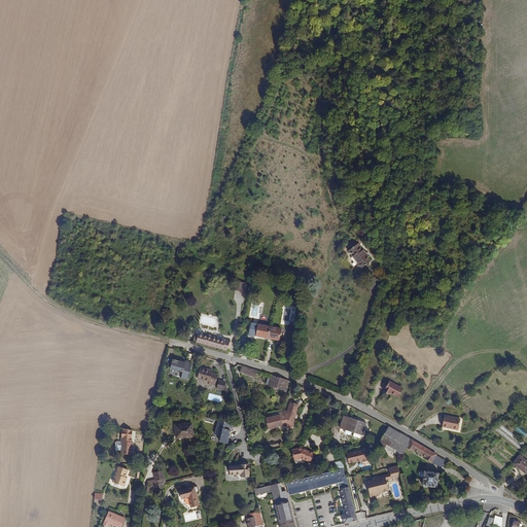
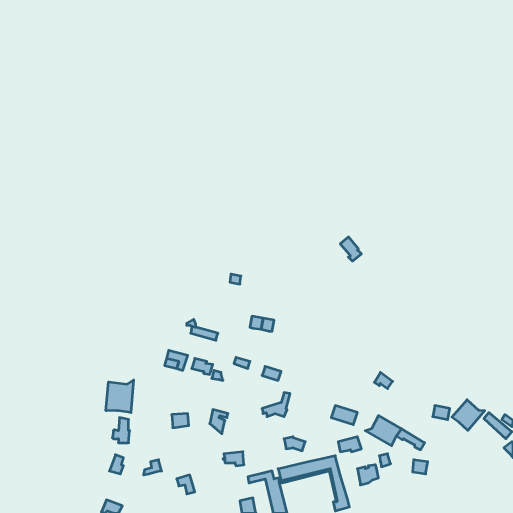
building: none -> [106,380,134,413]
building: none -> [452,400,485,430]

